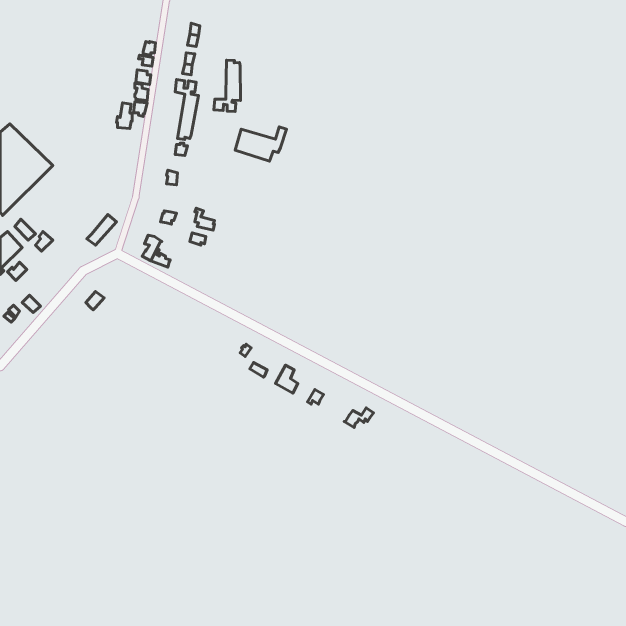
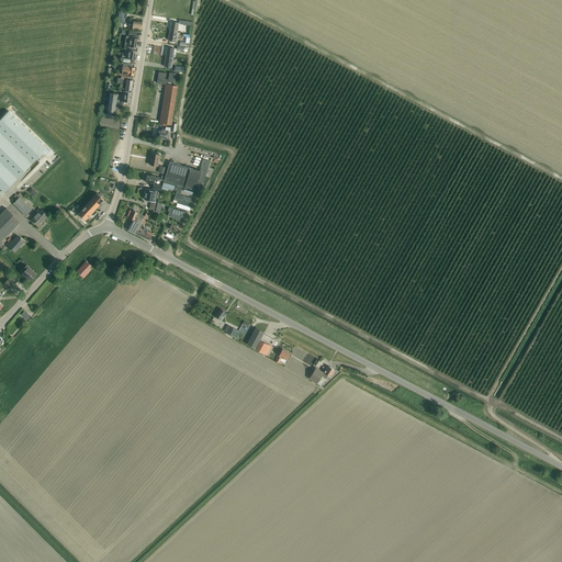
building: [214,60,240,112] -> none
building: [235,127,287,161] -> [164,159,210,190]

